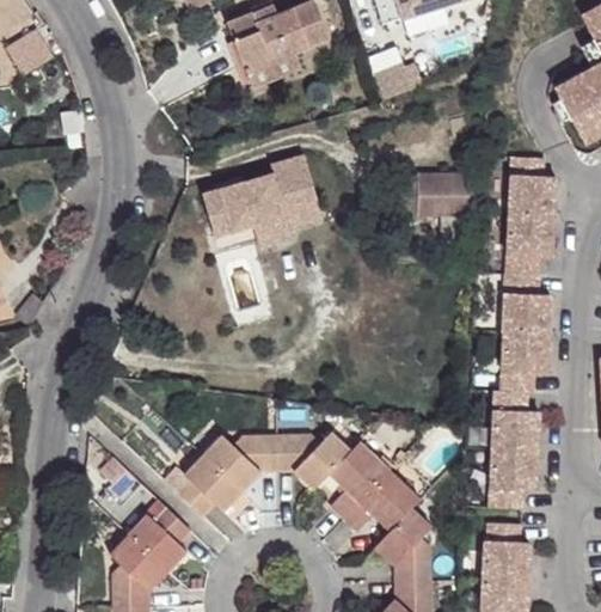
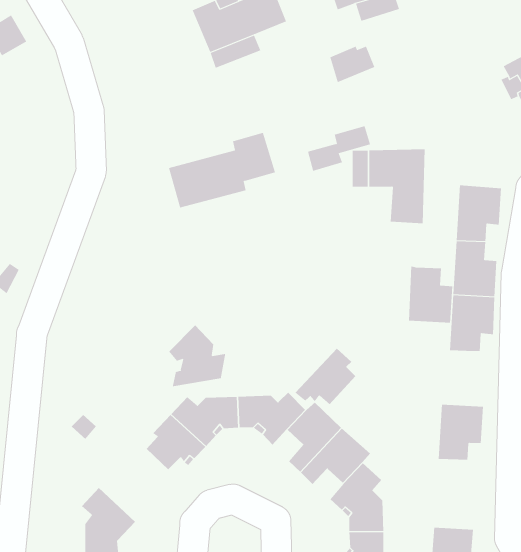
building: [511,153,559,214] -> none
building: [253,197,321,246] -> [307,126,371,172]
building: none -> [168,325,226,387]
building: none -> [295,348,356,405]
building: [492,386,540,447] -> [408,266,453,323]
building: [127,500,189,570] -> none
building: [484,518,529,579] -> none

